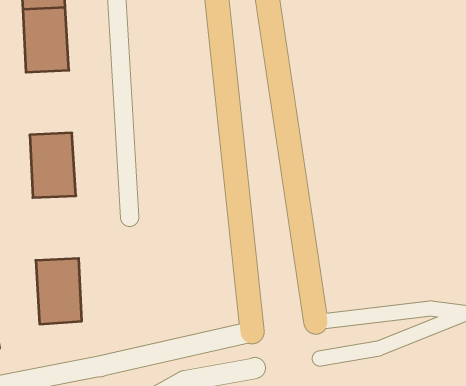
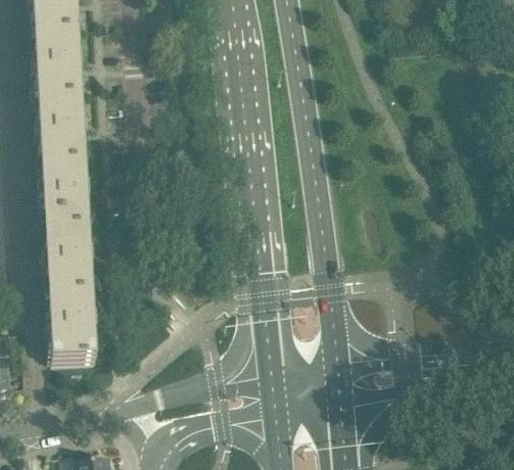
building: none -> [39,102,87,170]
building: none -> [46,233,94,300]

